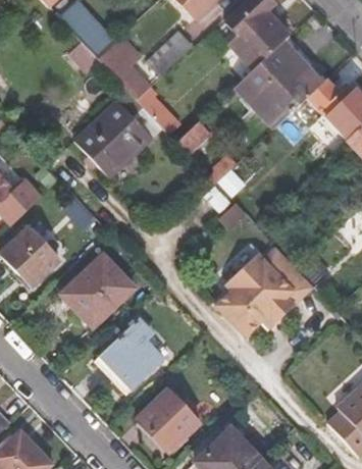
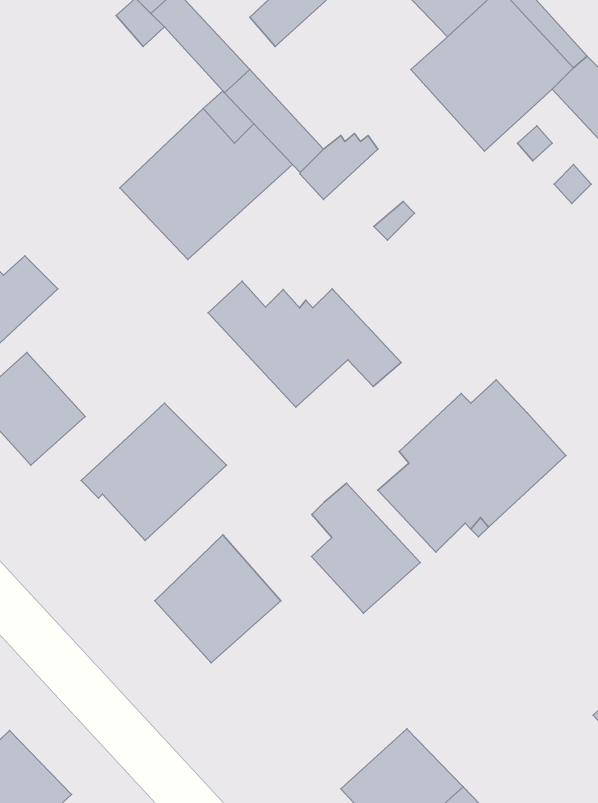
building: none -> [208,281,401,407]
building: none -> [311,483,420,613]
building: [137,389,199,452] -> none

